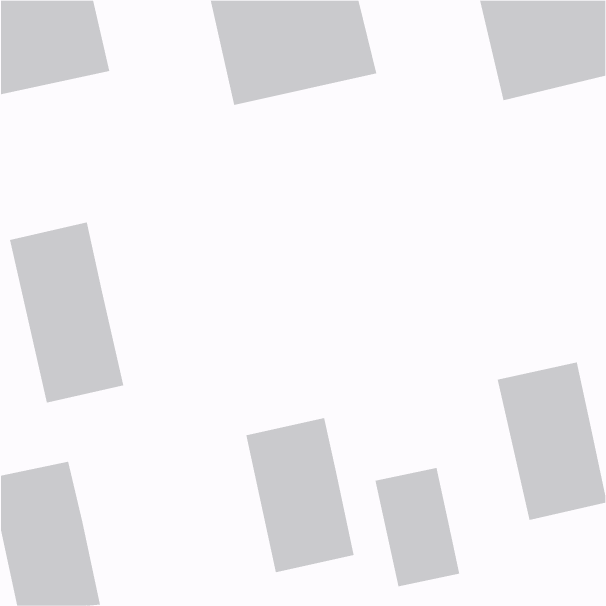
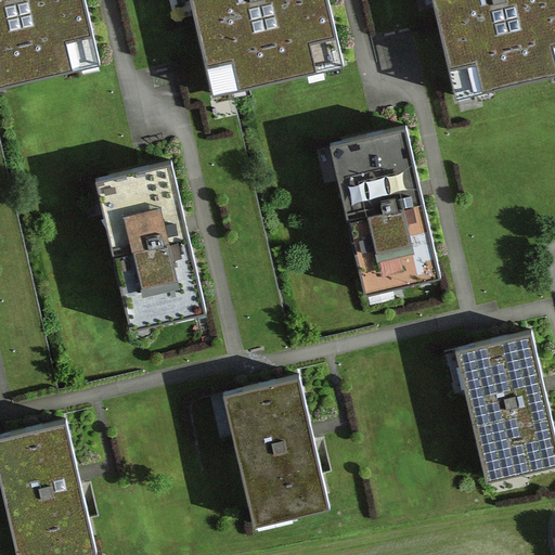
building: none -> [332,129,437,291]
building: [9,222,124,403] -> [96,163,202,328]
building: [375,467,460,587] -> none

